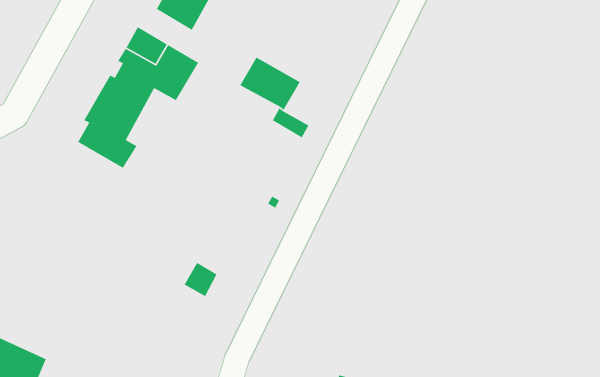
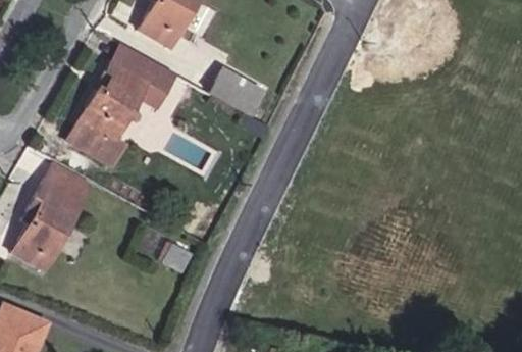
building: none -> [13,164,91,269]

